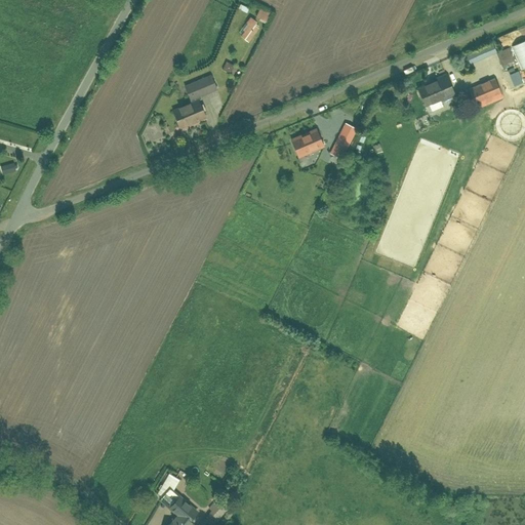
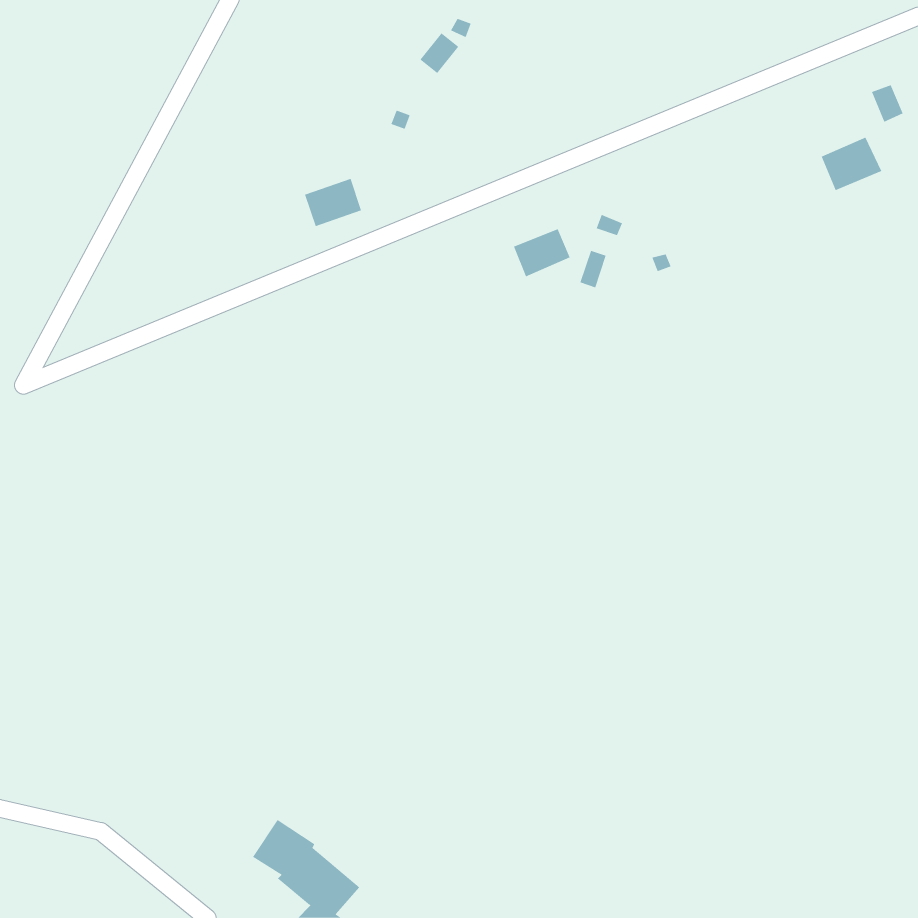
building: [184,76,216,102] -> none
building: [416,76,455,107] -> none

